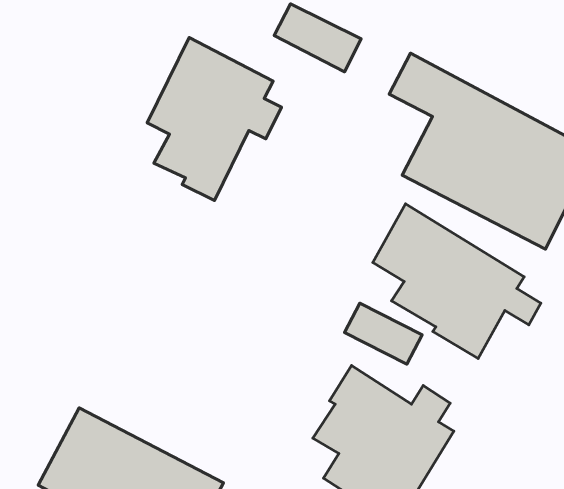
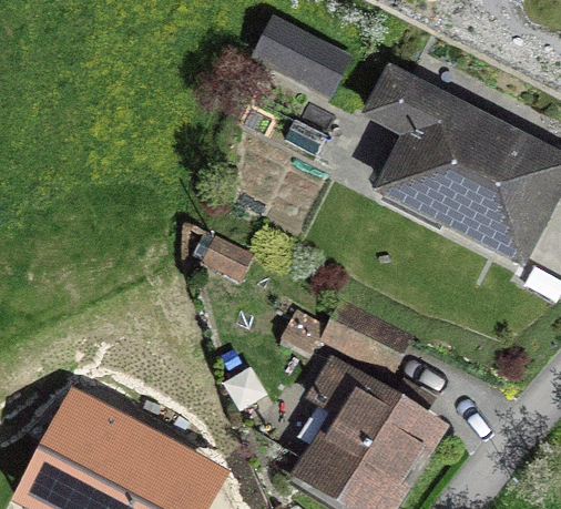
building: [147,38,281,200] -> none
building: [373,204,541,359] -> none

